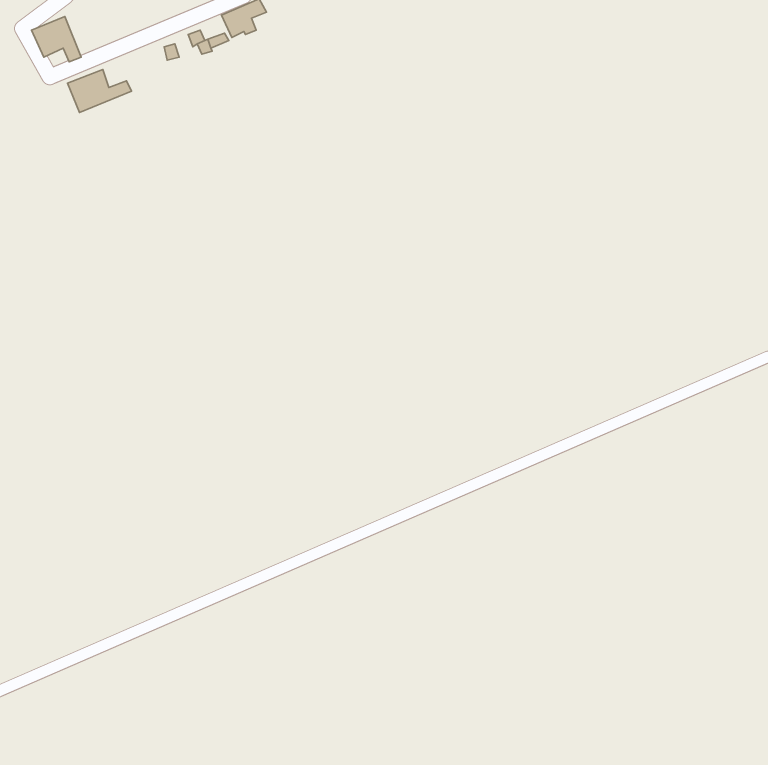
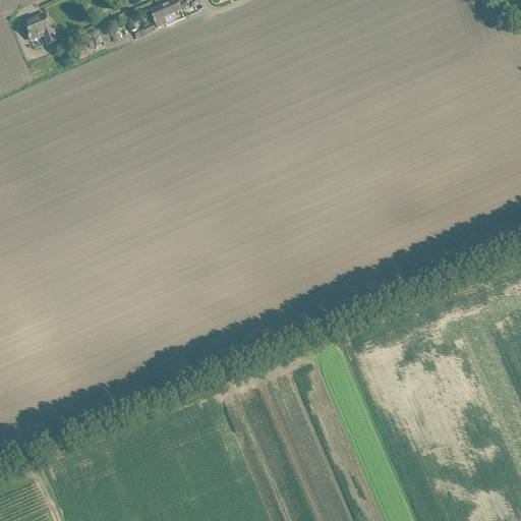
building: [67,69,131,112] -> none

